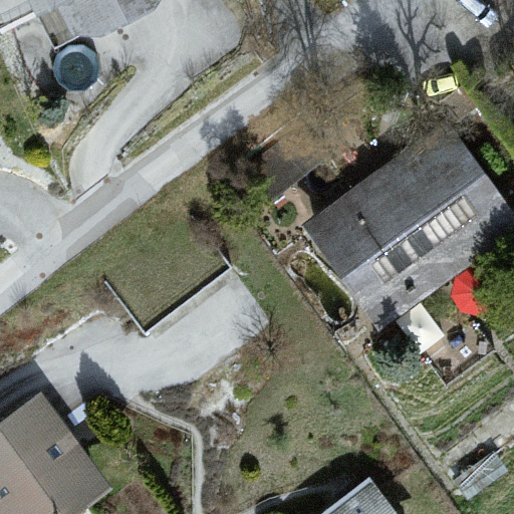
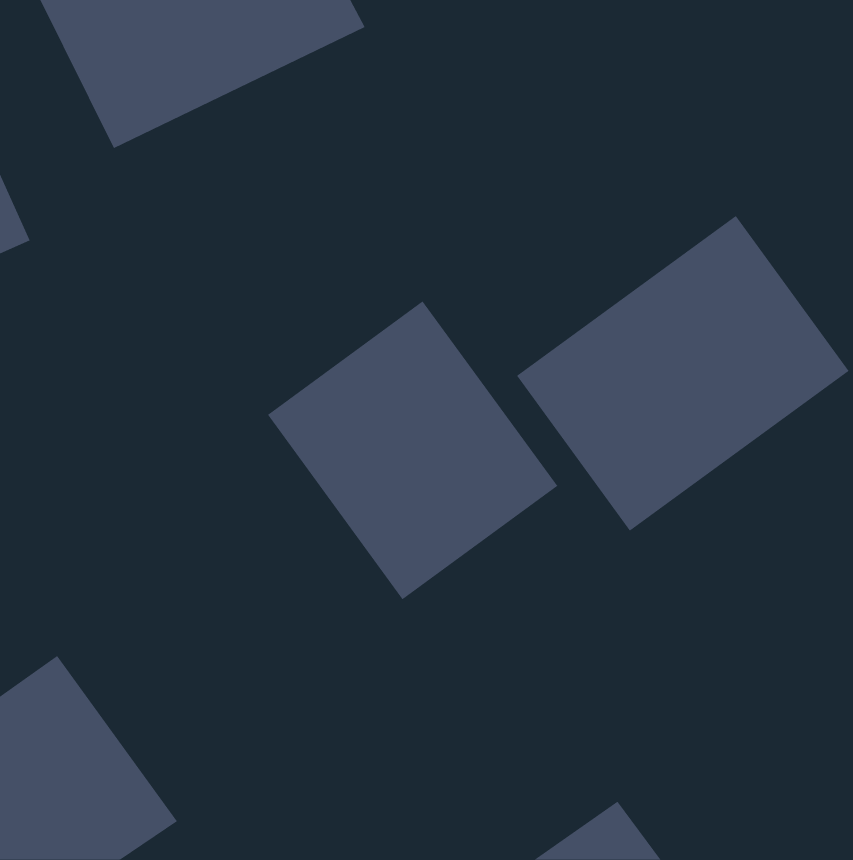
building: none -> [267,301,558,600]

